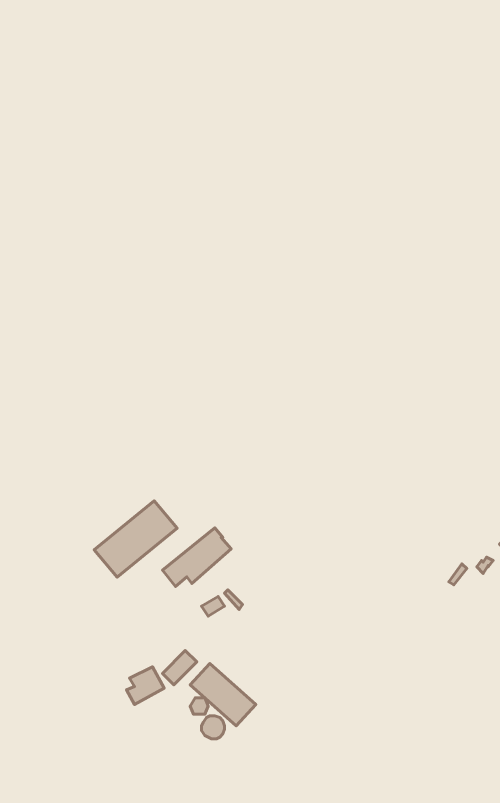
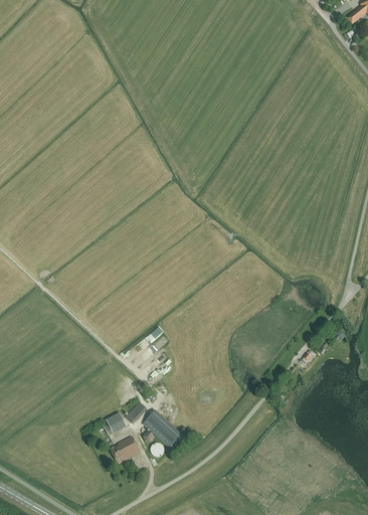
building: [94,501,177,577] -> none
building: none -> [110,435,140,462]

